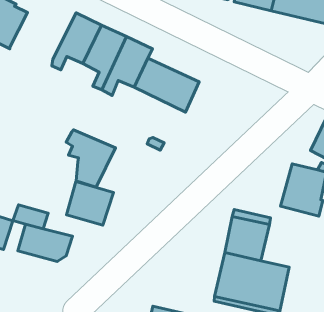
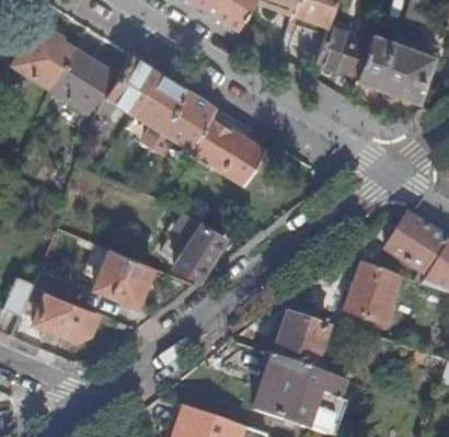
building: none -> [51,51,115,116]
building: [66,130,115,187] -> [170,214,226,283]

